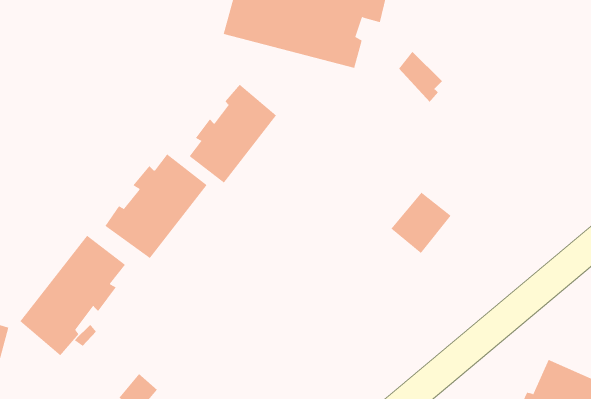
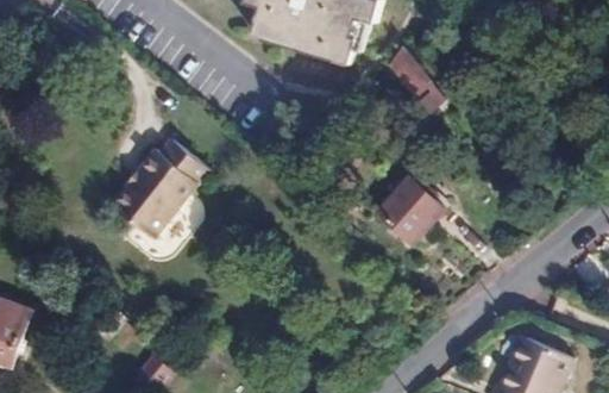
building: [189,84,277,183] -> none
building: [20,235,126,356] -> none

